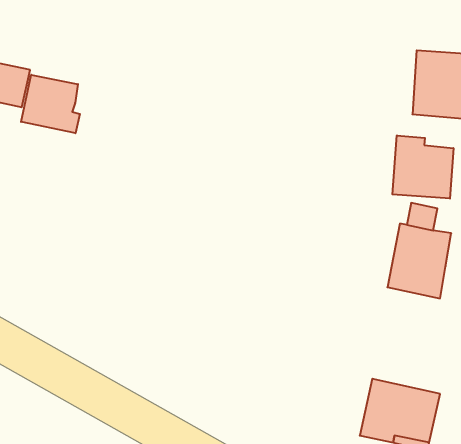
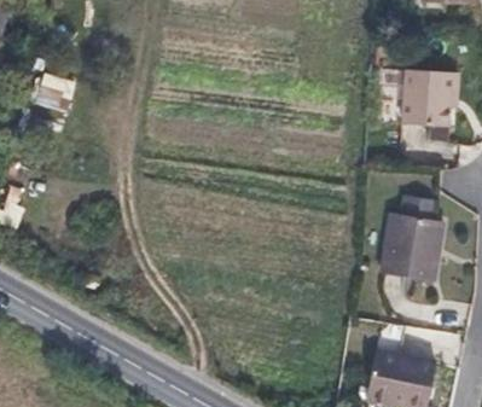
building: [21,75,80,133] -> none
building: [392,135,453,199] -> none

